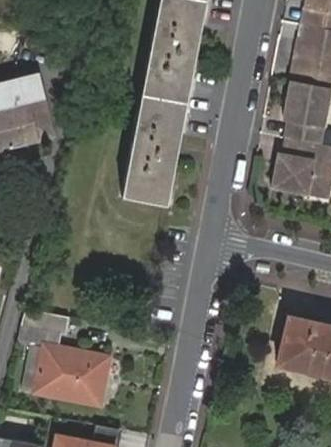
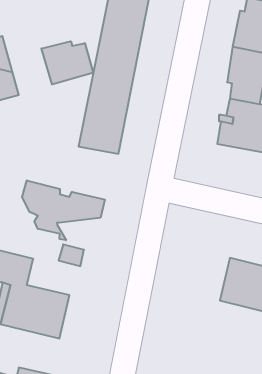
building: none -> [41,41,93,84]
building: none -> [22,180,105,240]

